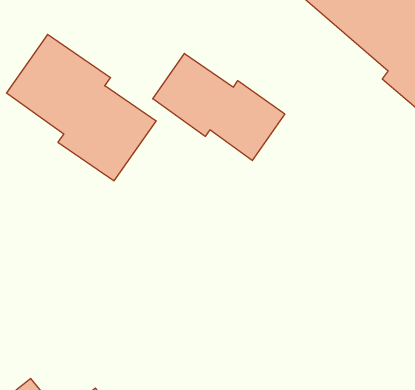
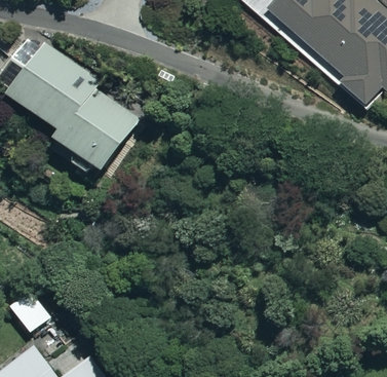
building: [153,53,285,161] -> none

